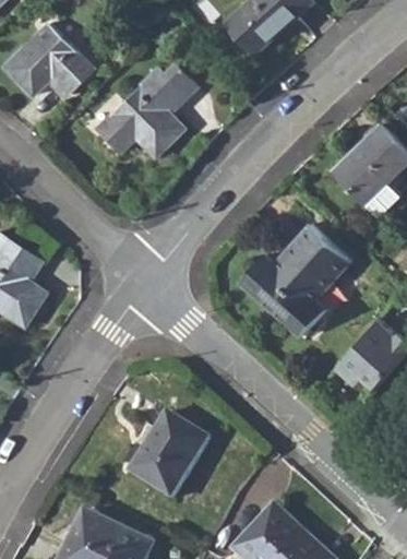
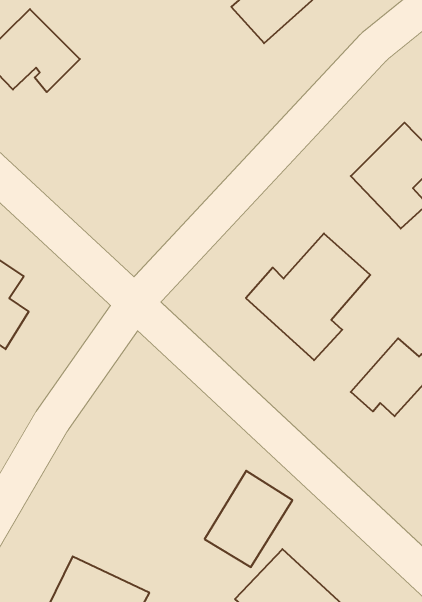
building: [98,62,195,156] -> none
building: [130,413,208,499] -> [205,471,292,567]

